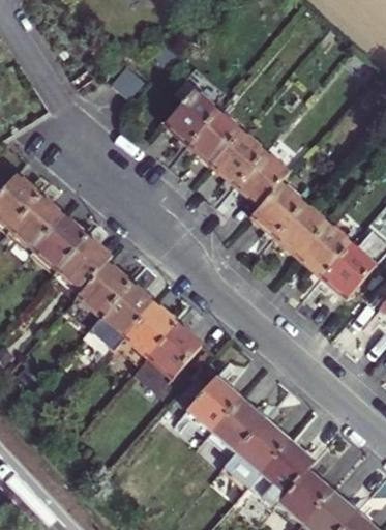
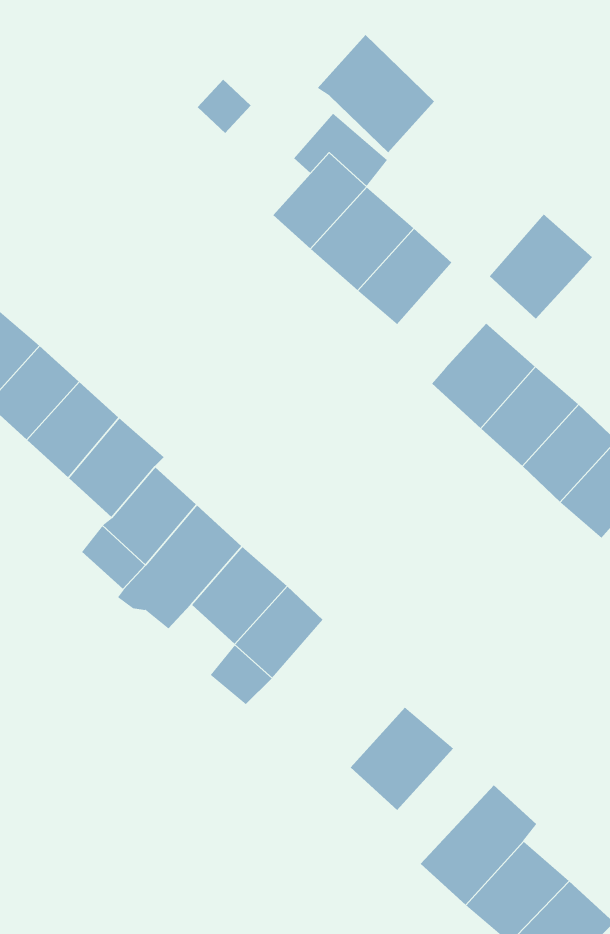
building: none -> [317,34,435,153]
building: [235,151,292,209] -> [489,214,593,320]
building: [187,375,239,428] -> none
building: [226,417,288,480] -> none

